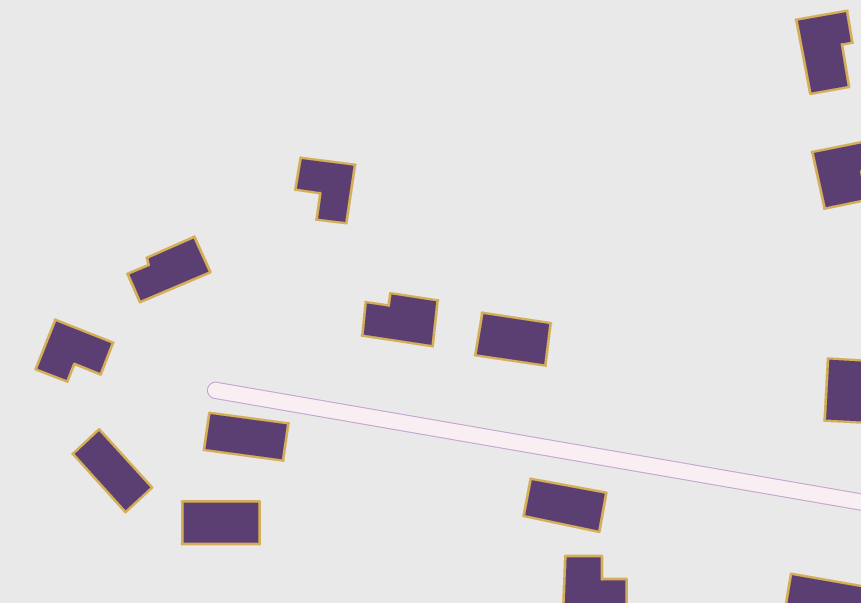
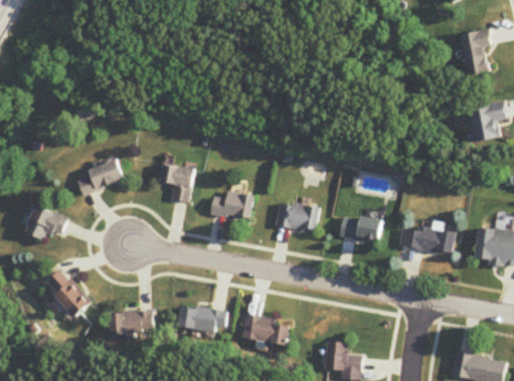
building: [295,158,355,223] -> [159,165,193,202]
building: none -> [339,218,379,240]
building: none -> [398,226,453,253]
building: [204,413,289,461] -> [178,305,226,332]
building: [524,479,606,532] -> [241,315,289,345]

